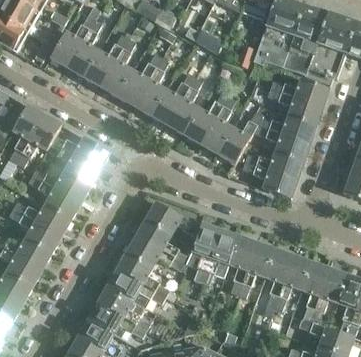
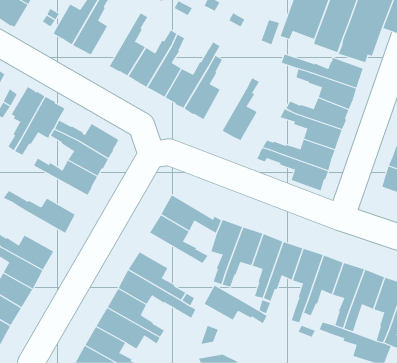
building: [84,34,128,86] -> none
building: [185,91,228,144] -> none
building: [218,111,263,163] -> none
building: [28,175,81,219] -> none
building: [9,208,61,252] -> none
building: [127,235,184,270] -> [204,285,268,324]

